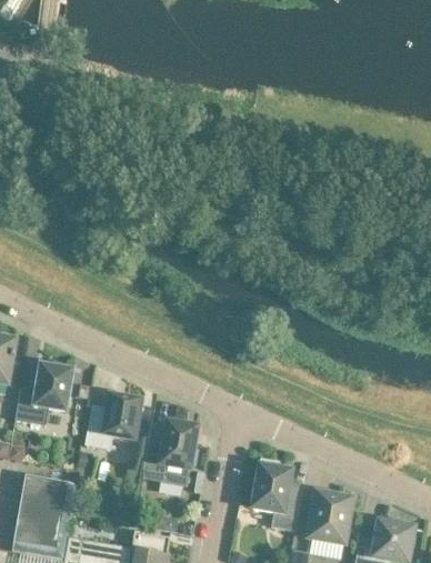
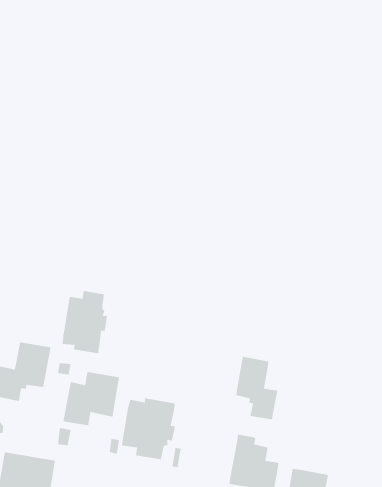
building: none -> [62,290,108,354]
building: none -> [235,356,278,420]

